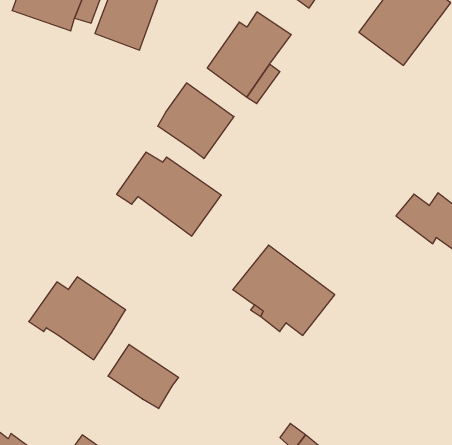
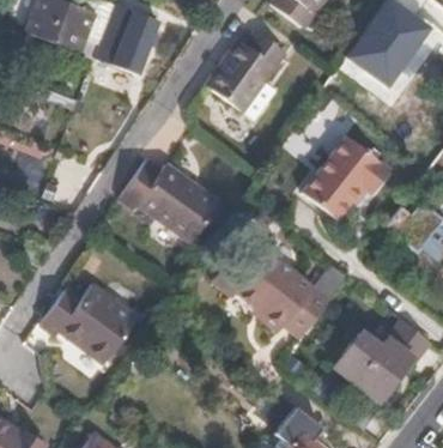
building: [158,83,234,159] -> none
building: none -> [302,135,389,219]
building: none -> [330,319,430,400]
building: [108,344,179,409] -> none

